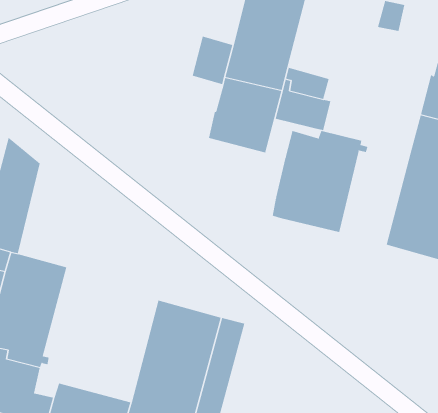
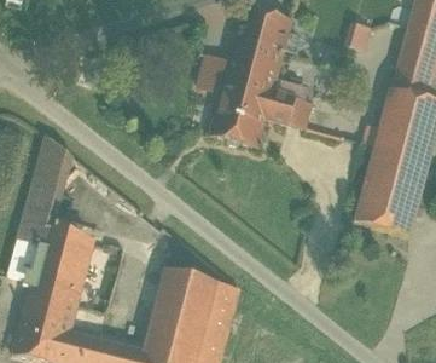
building: [272,130,368,233] -> none

